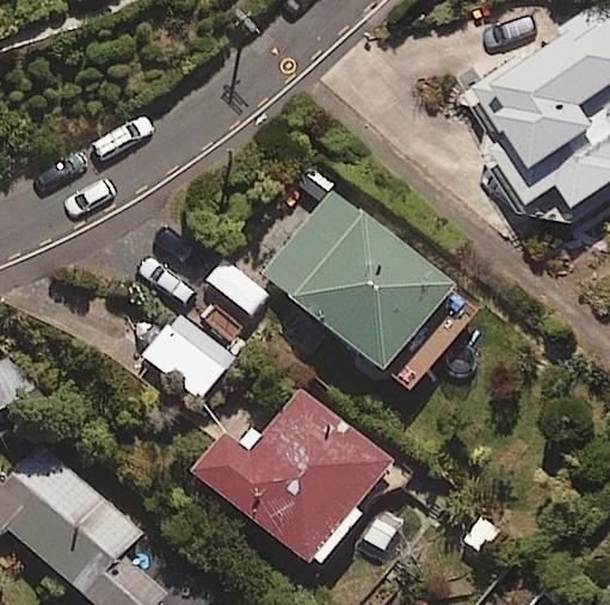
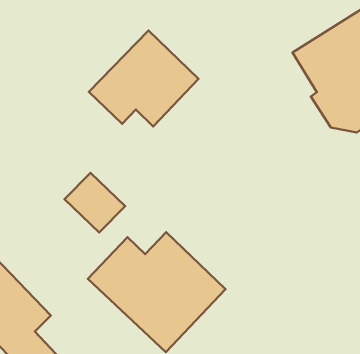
building: none -> [89,30,199,126]
building: [261,186,481,393] -> none

